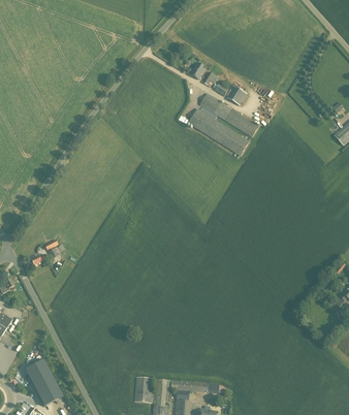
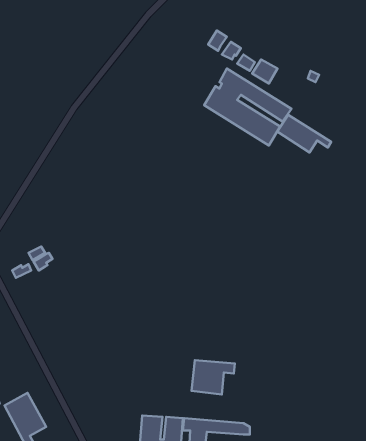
building: none -> [277,115,331,152]
building: none -> [192,360,235,395]

